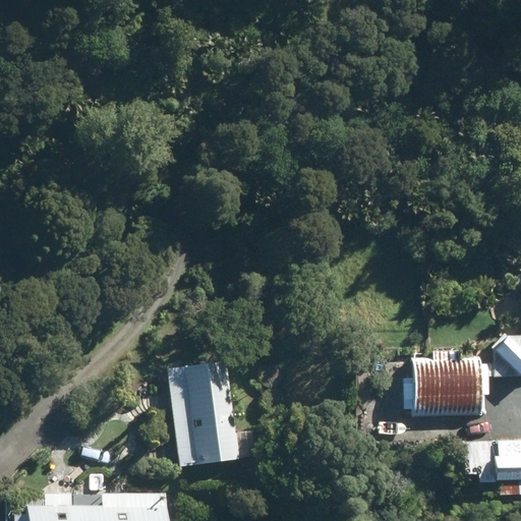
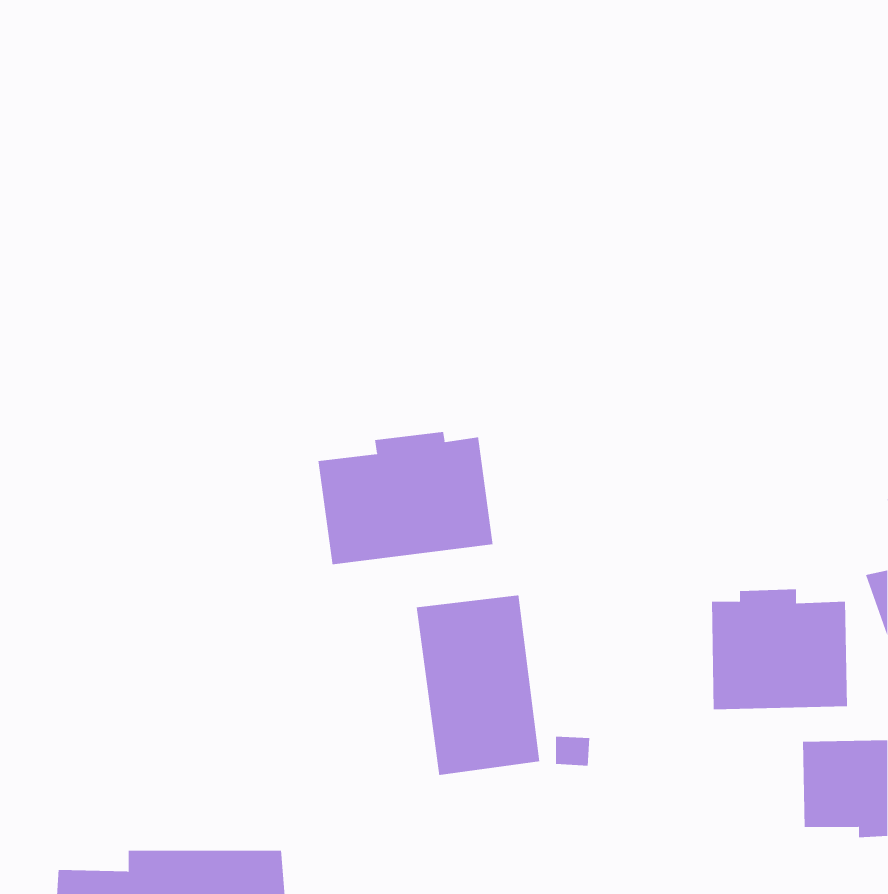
building: none -> [318,431,493,565]
building: [167,362,239,467] -> [416,595,540,775]

